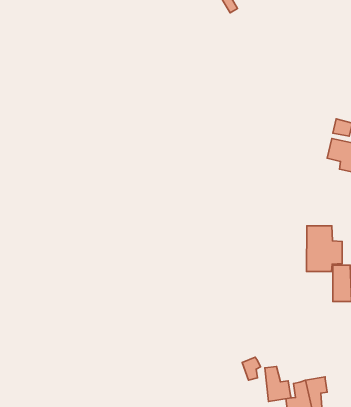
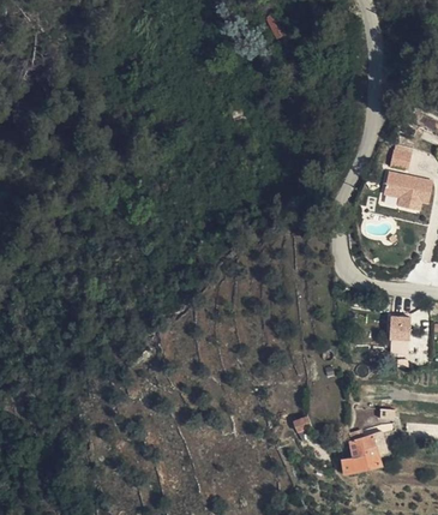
building: [306,226,342,271] -> none
building: [265,367,291,402] -> none

